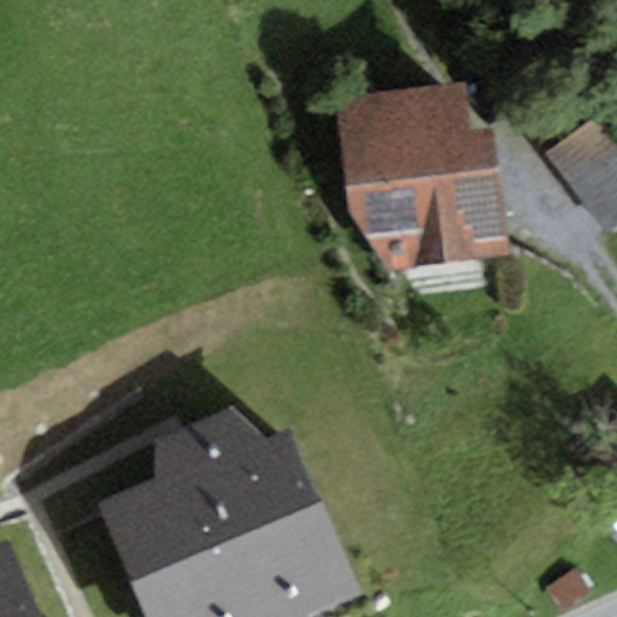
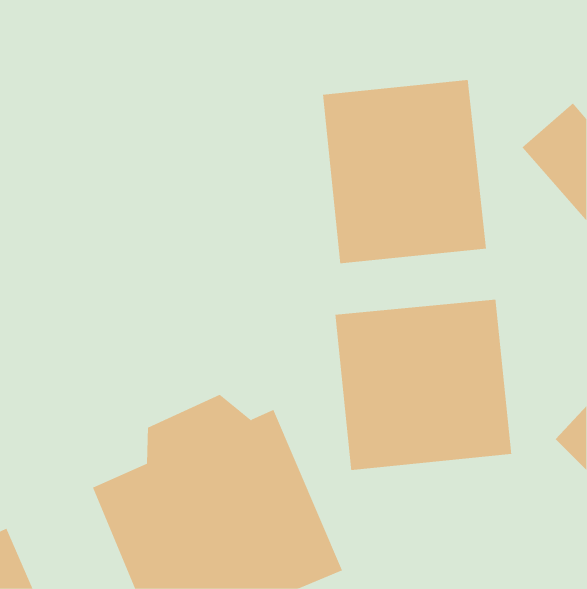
building: none -> [335,299,512,471]

